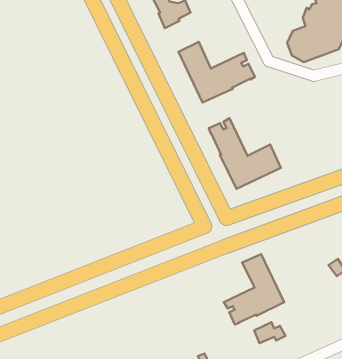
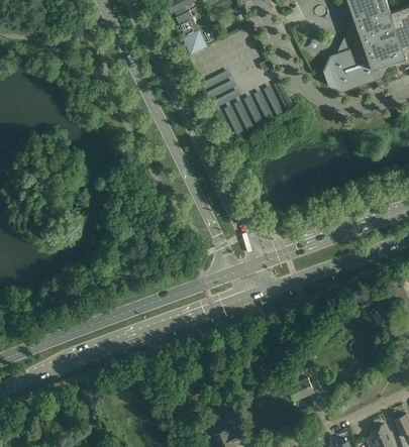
building: [209,118,281,189] -> none
building: [224,254,284,325] -> none

